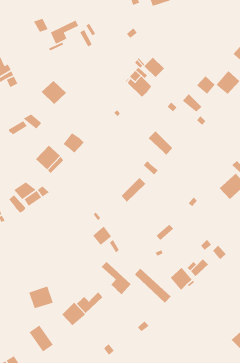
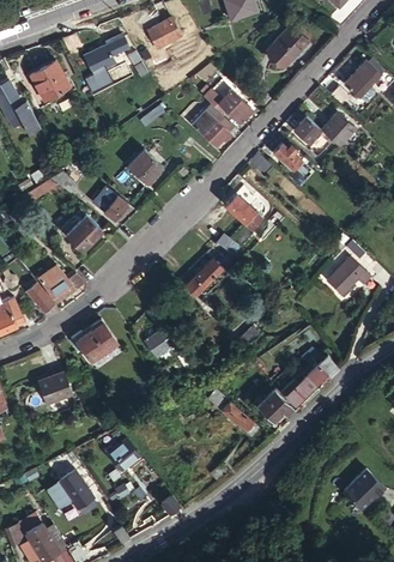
building: none -> [148,18,182,50]
building: none -> [266,24,310,68]
building: none -> [30,62,71,103]
building: [41,80,67,105] -> [127,151,164,186]
building: none -> [71,320,117,364]
building: [101,261,132,295] -> none
building: [28,285,54,309] -> [38,373,74,406]
building: [76,292,103,314] -> none

